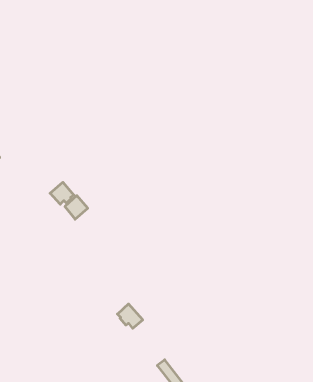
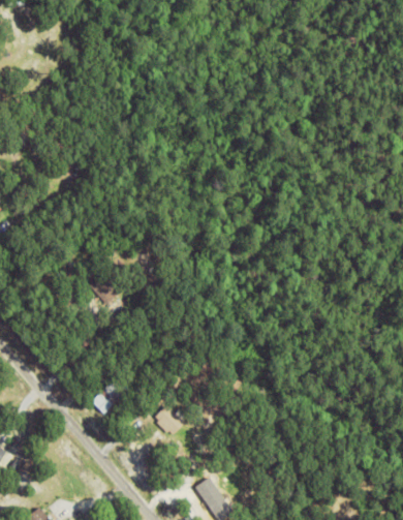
building: [50,182,74,204] -> none
building: none -> [89,383,127,416]

